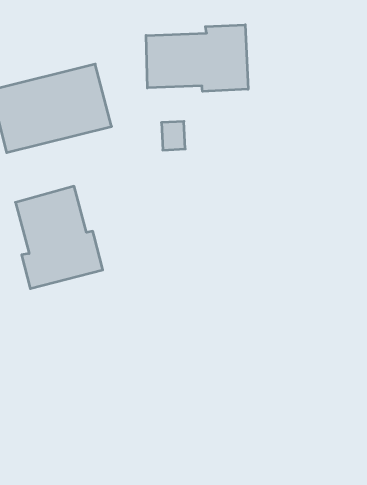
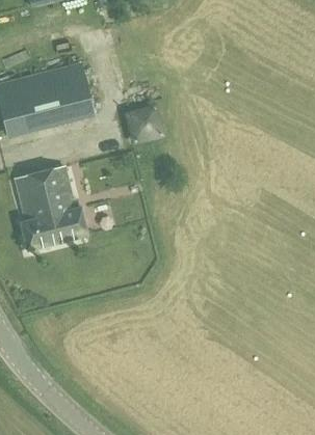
building: [146,25,248,91] -> none

